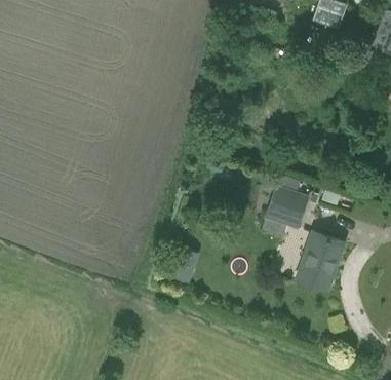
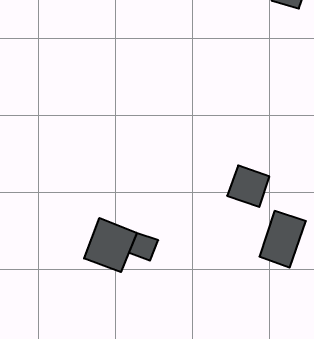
building: none -> [84,218,137,272]

